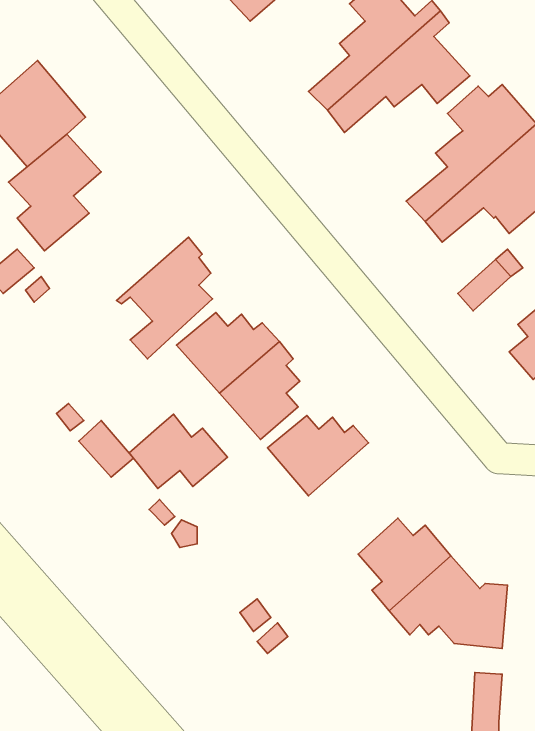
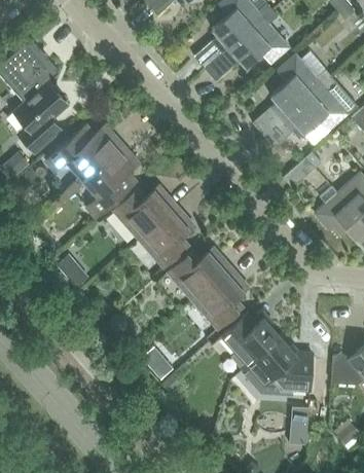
building: none -> [45,124,121,182]
building: [129,414,227,488] -> none
building: none -> [193,267,243,328]

